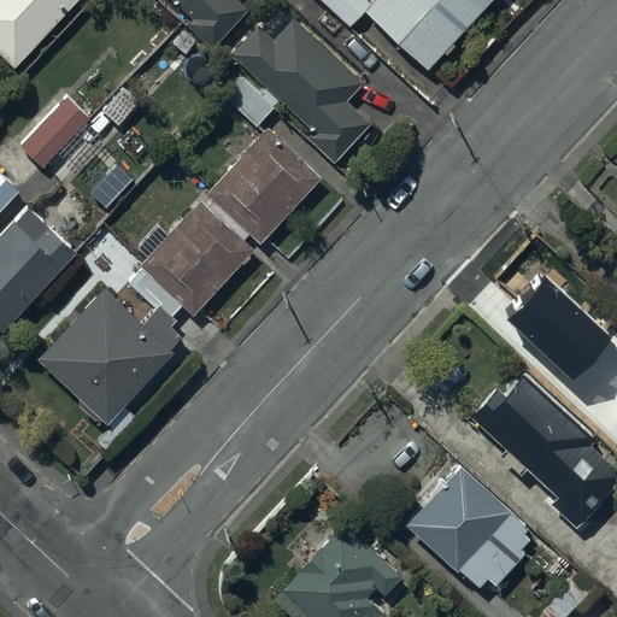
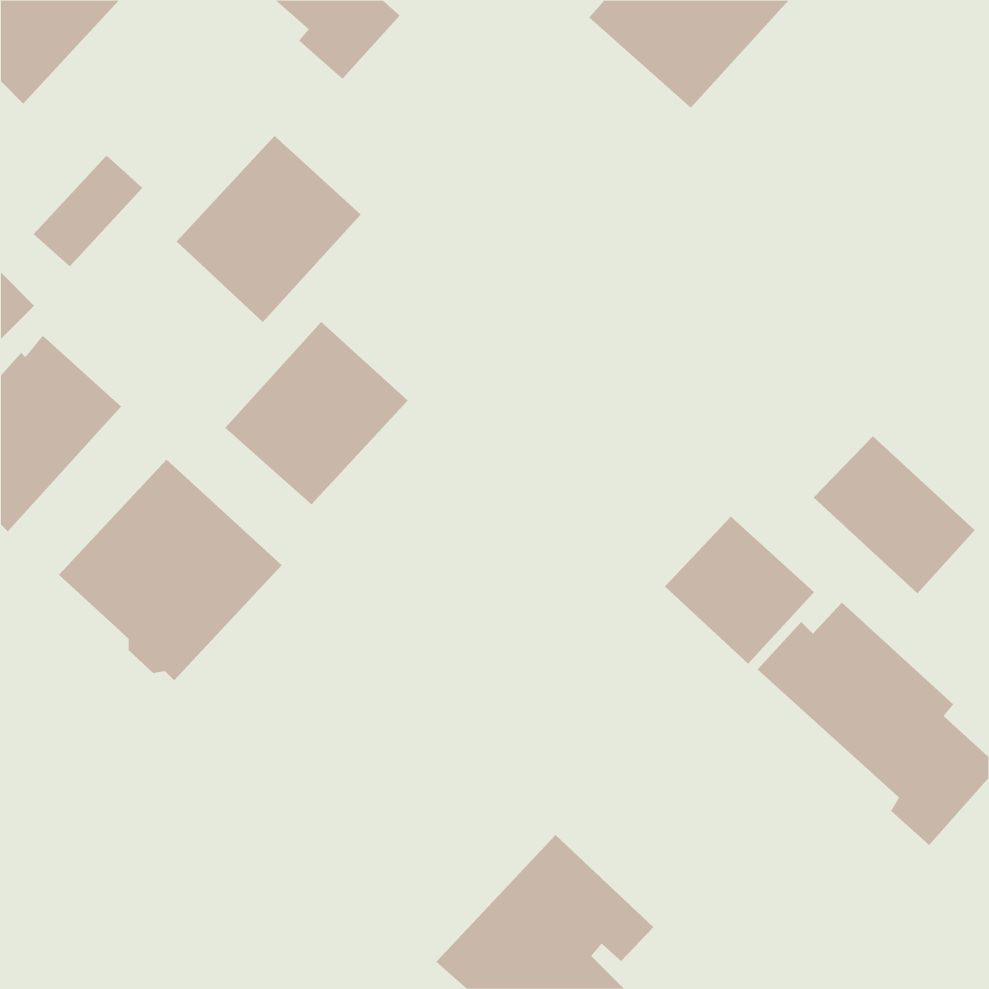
building: [230,19,371,164] -> none
building: [206,127,322,243] -> [176,135,362,323]
building: none -> [664,516,815,664]
building: [409,468,529,583] -> none

